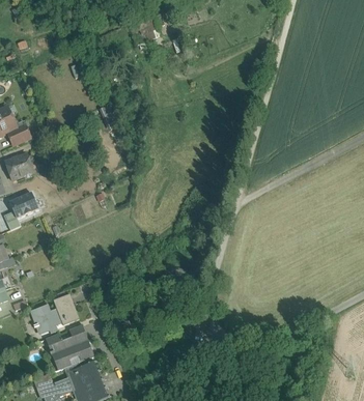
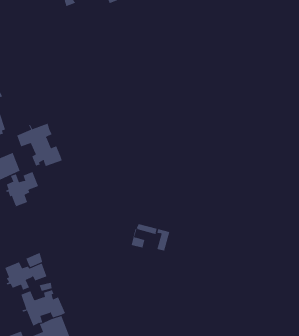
building: none -> [16,123,62,167]
building: none -> [6,171,39,208]

